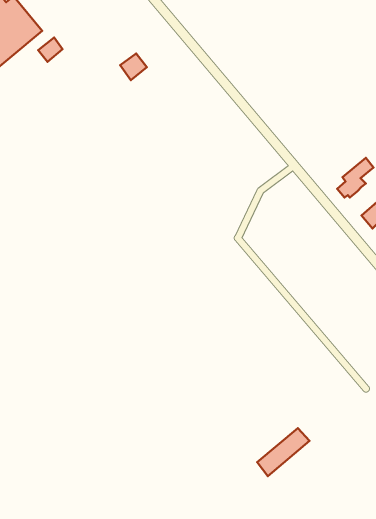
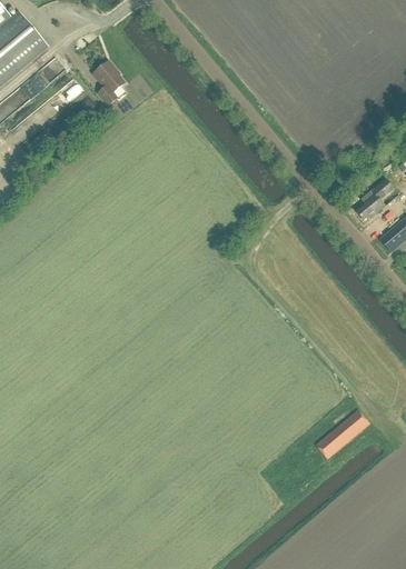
building: none -> [92,61,123,104]
building: [257,428,309,476] -> [315,409,369,459]

